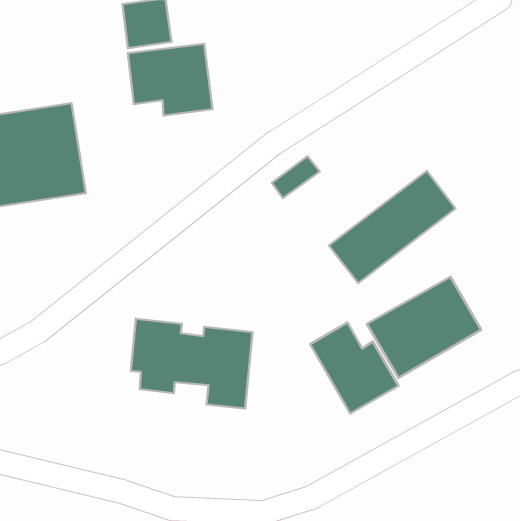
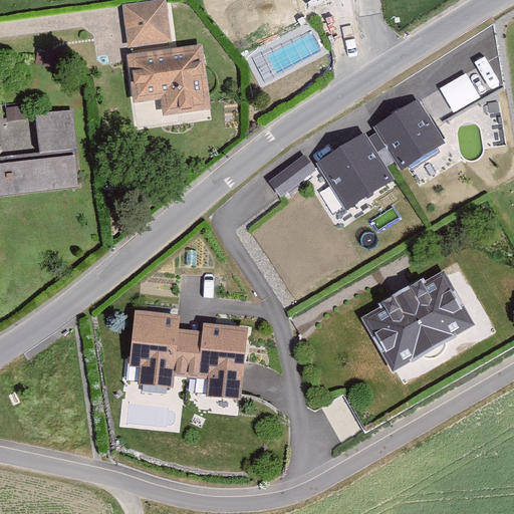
building: none -> [440,71,479,109]
building: [329,171,455,283] -> [318,97,443,208]
building: [310,322,398,413] -> none

